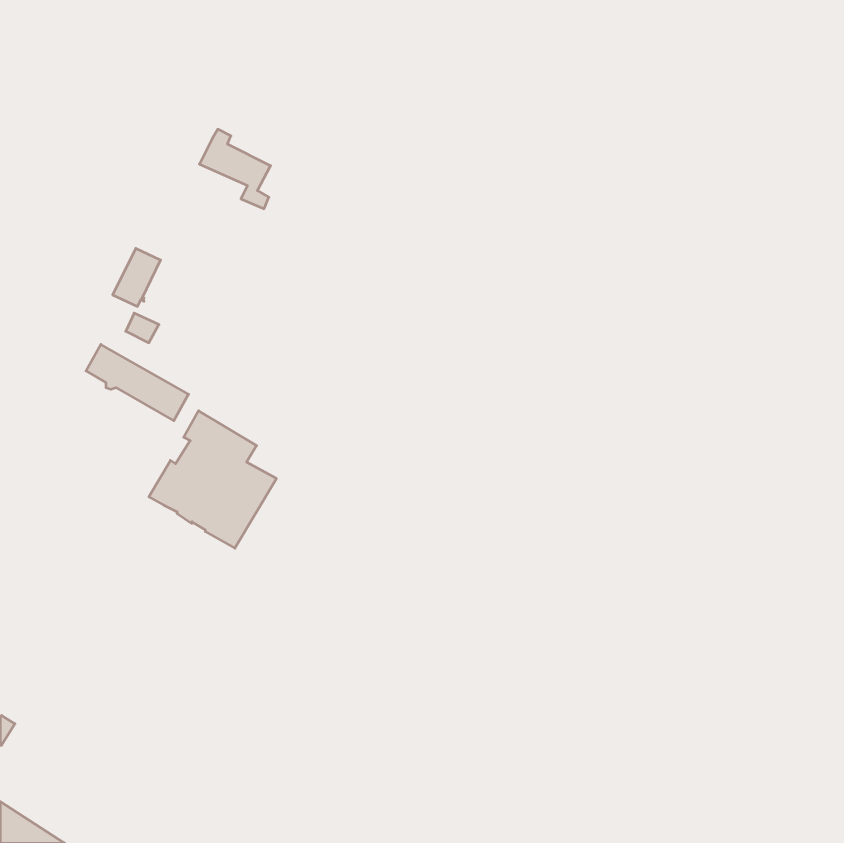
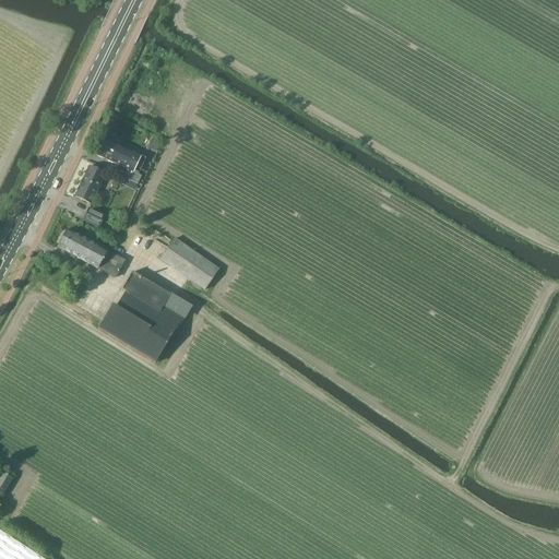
building: [199,129,271,209] -> [96,130,143,182]
building: none -> [159,236,221,289]

